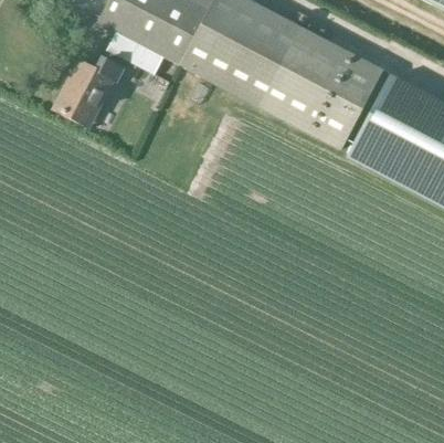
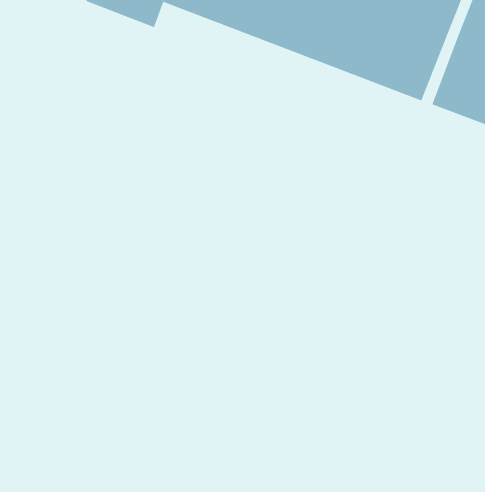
building: [55,56,125,126] -> none

